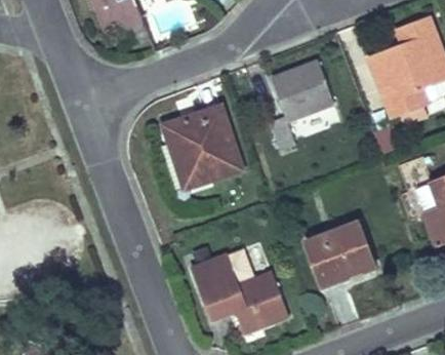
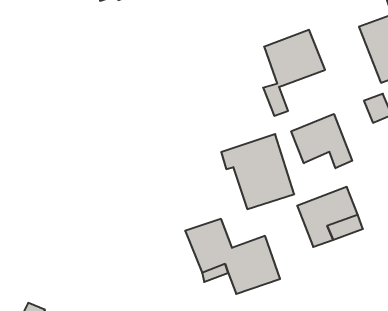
building: [165,107,240,184] -> [221,134,294,209]
building: none -> [291,114,352,168]

